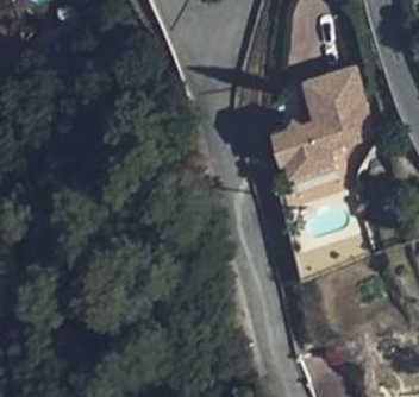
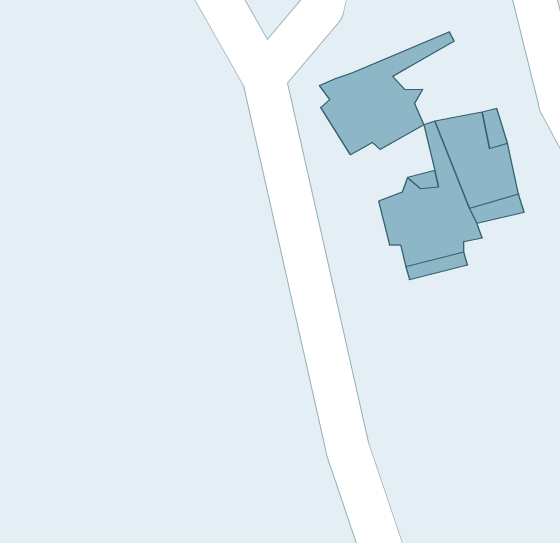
building: none -> [320,32,454,155]

